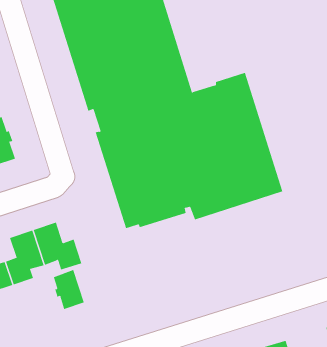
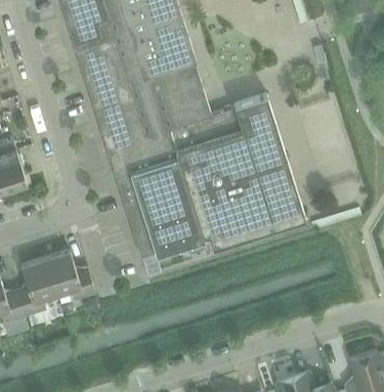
building: [53,269,85,310] -> none

